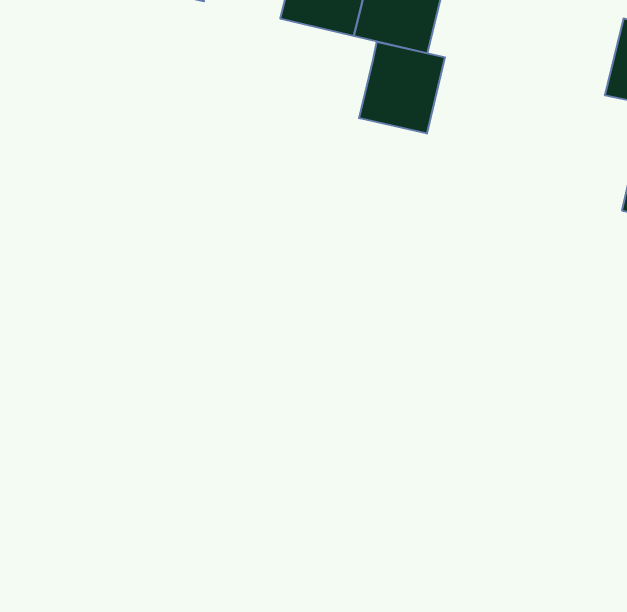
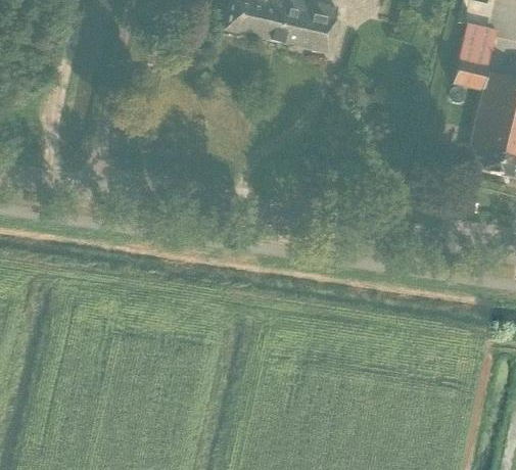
building: [359,42,445,134] -> none

